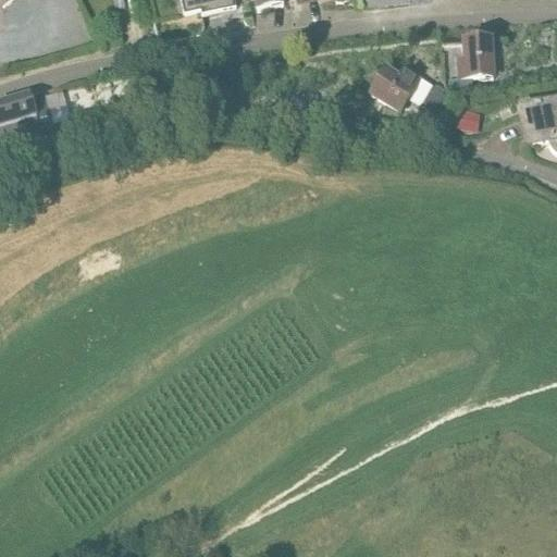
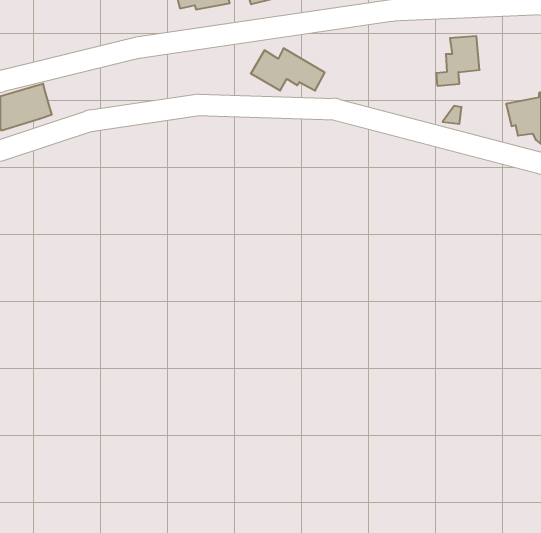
building: [370,63,446,107] -> [251,48,325,91]

